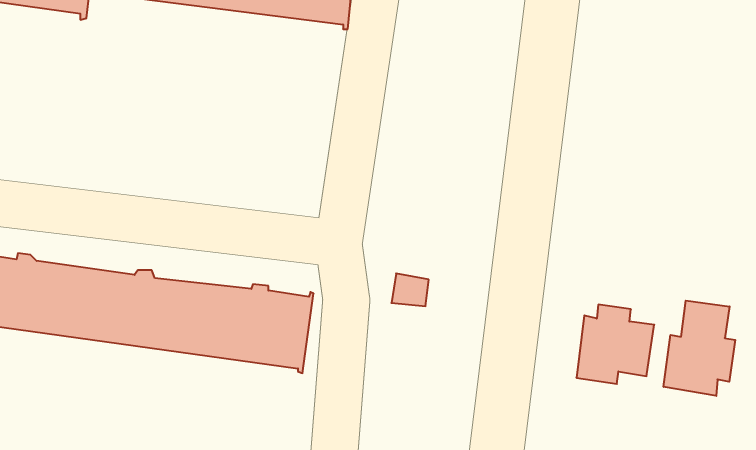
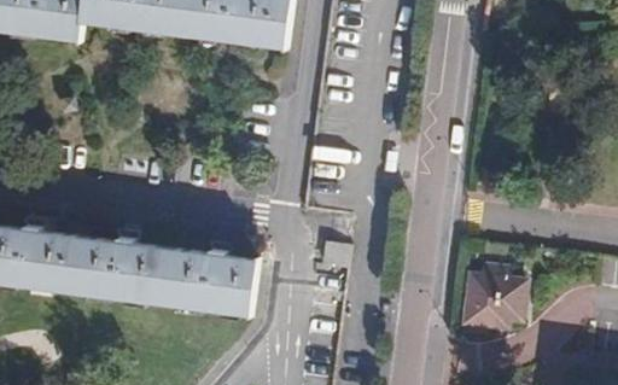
building: [664,301,735,396] -> none

